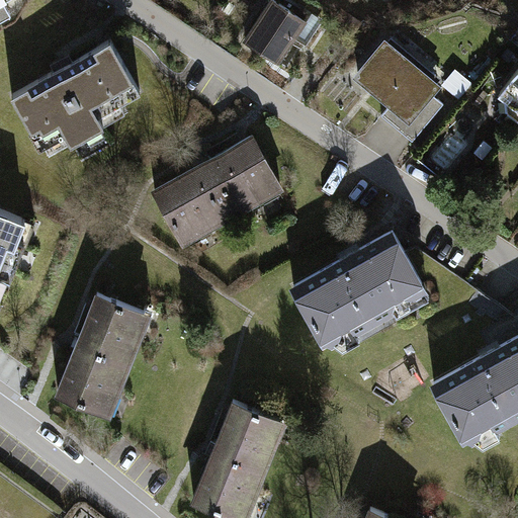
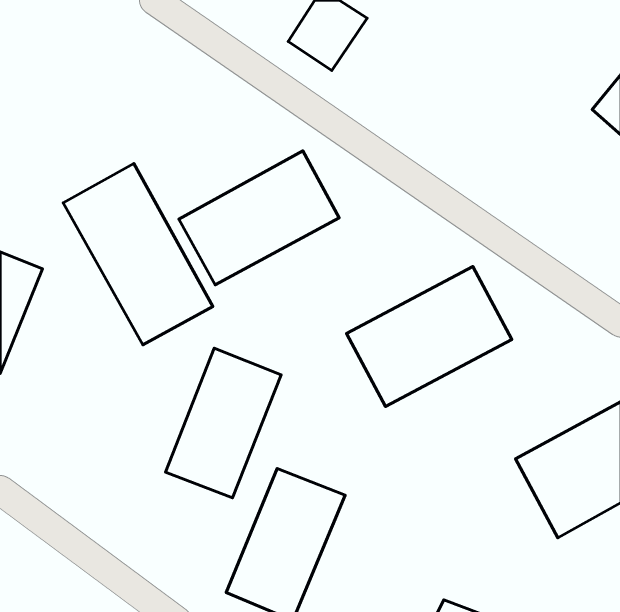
building: [351,37,442,146] -> none
building: [6,39,144,157] -> none
building: none -> [63,164,213,345]
building: [55,292,151,417] -> [166,348,281,498]

